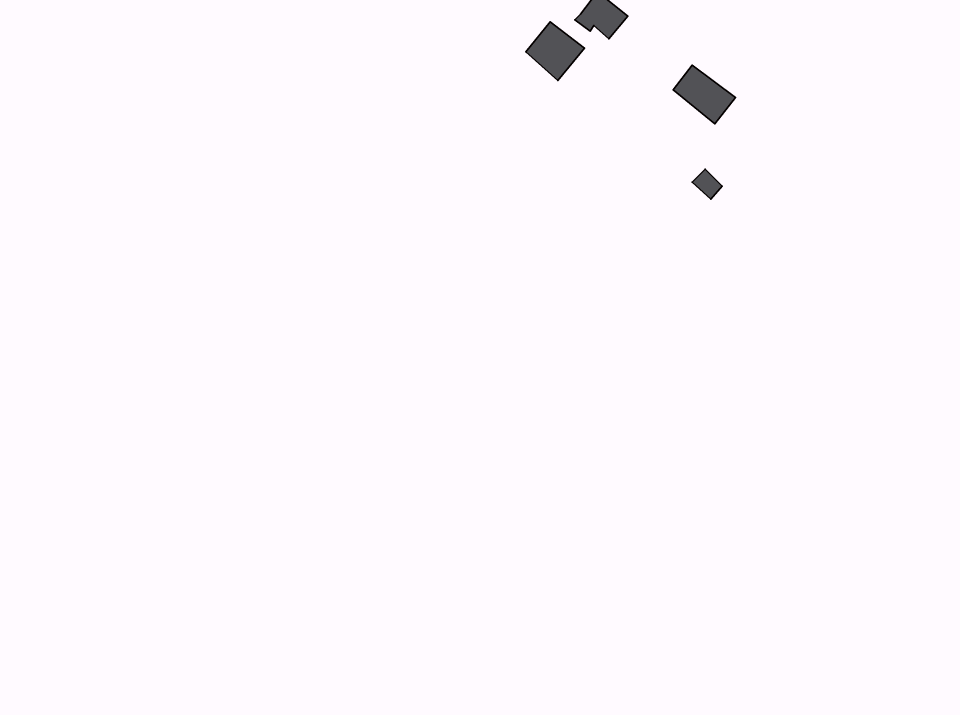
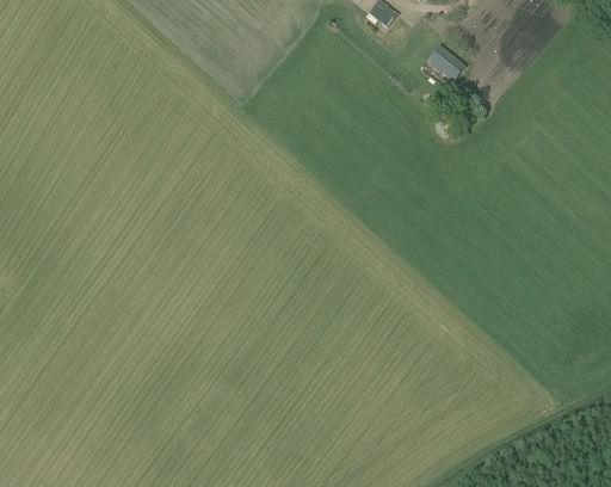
building: [526,22,584,81] -> none

